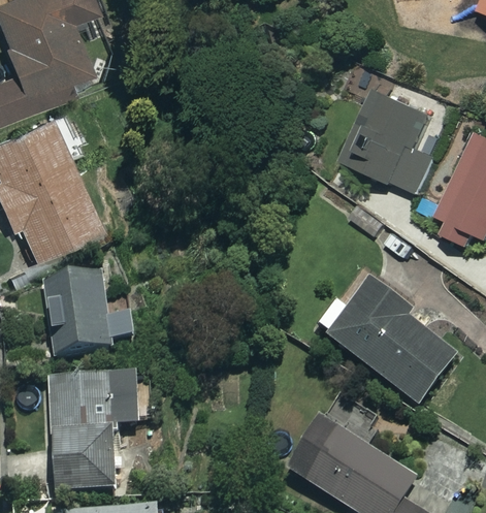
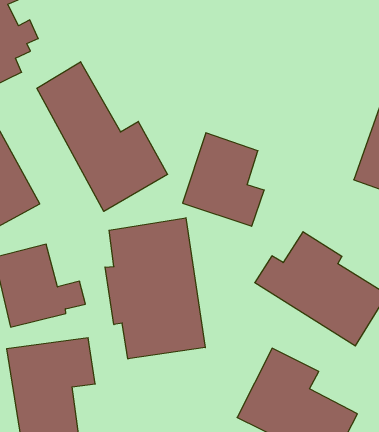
building: none -> [37,62,168,211]
building: [344,88,431,191] -> [183,133,264,226]
building: none -> [105,218,205,359]

